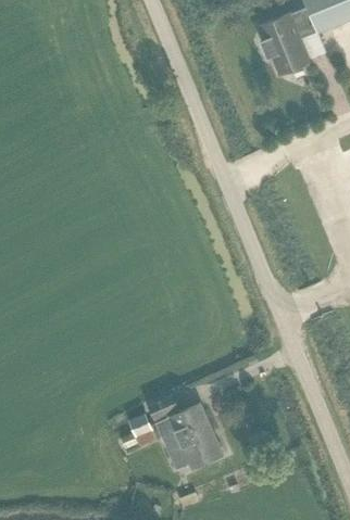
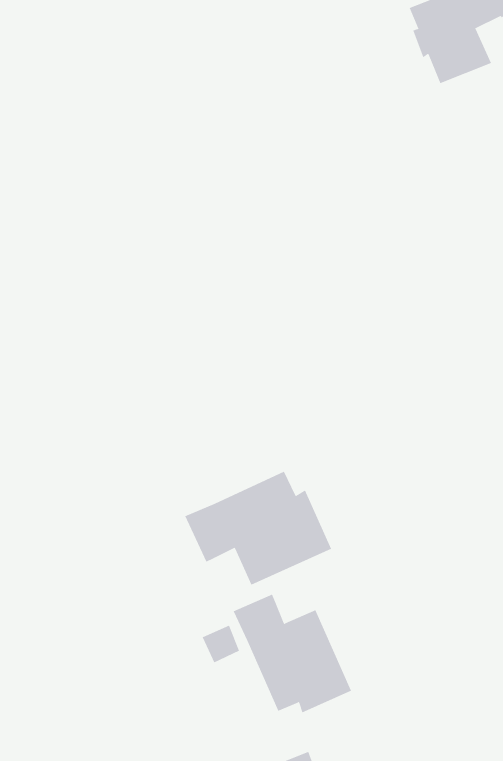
building: none -> [185,471,332,586]

